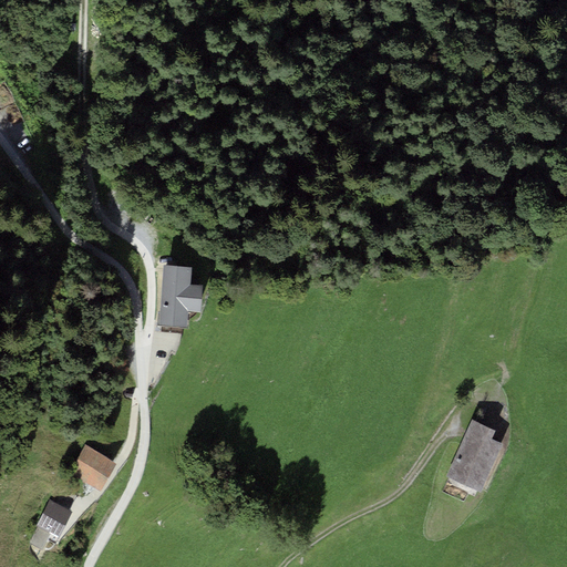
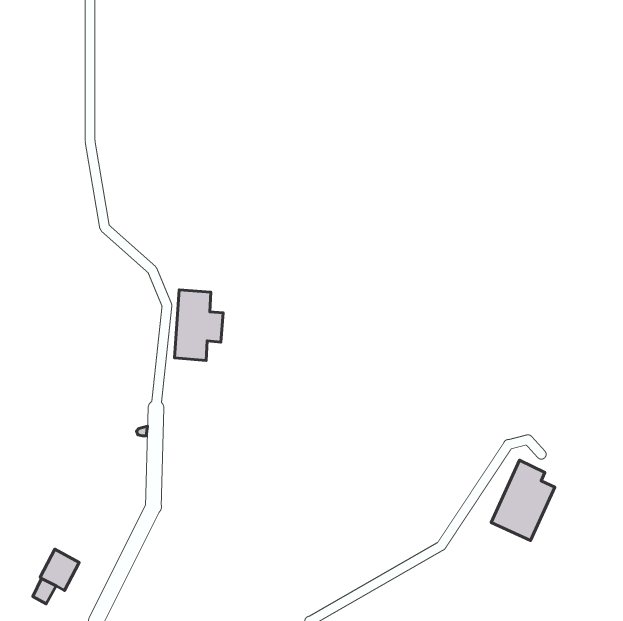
building: [68,444,116,491] -> none

